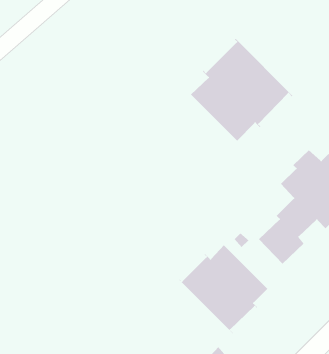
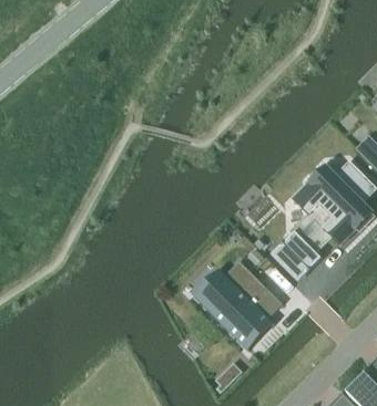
building: [190,38,293,141] -> none

